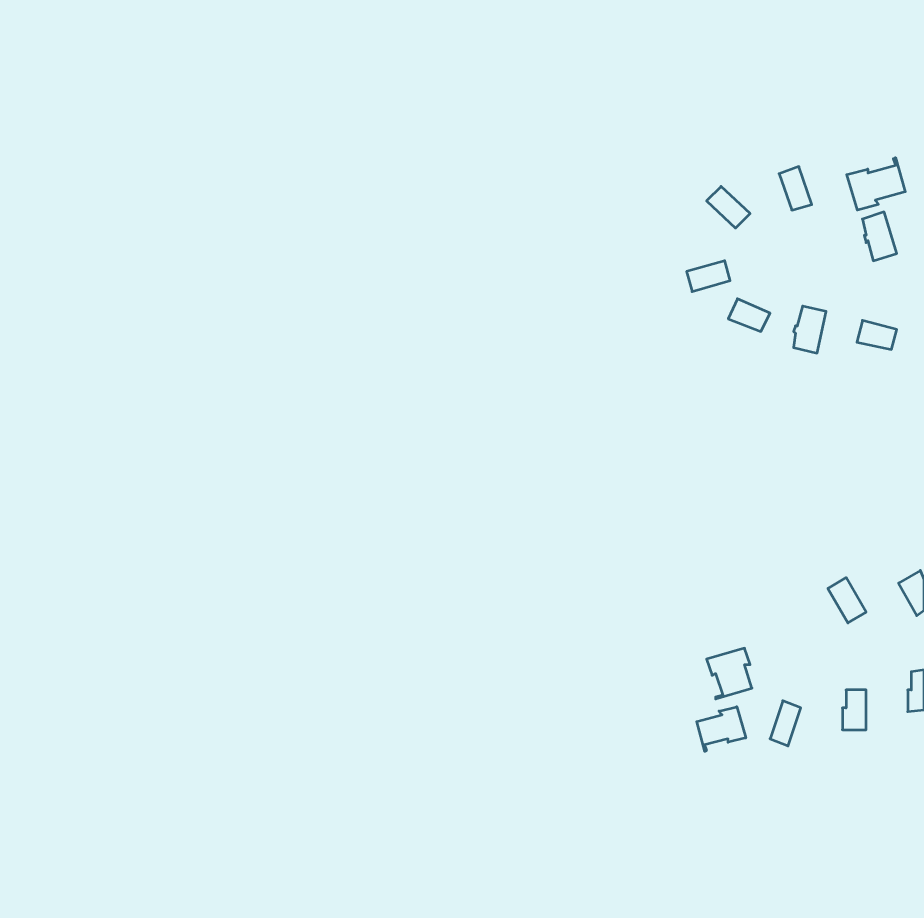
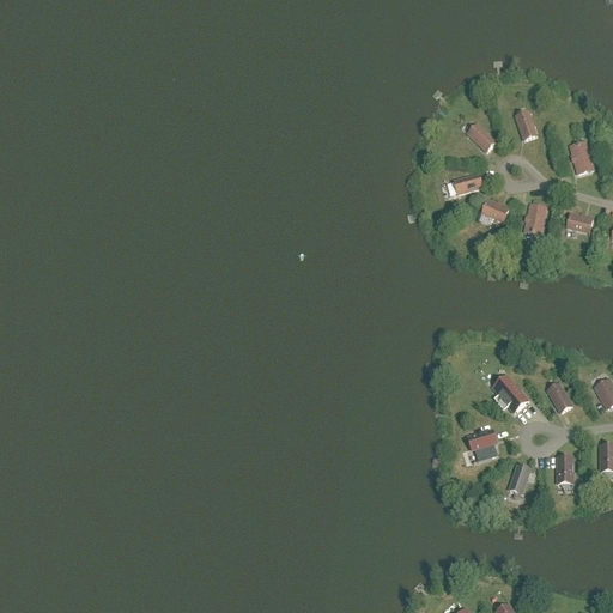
building: [847,158,905,210] -> none
building: none -> [492,375,528,412]
building: [697,707,746,751] -> none

